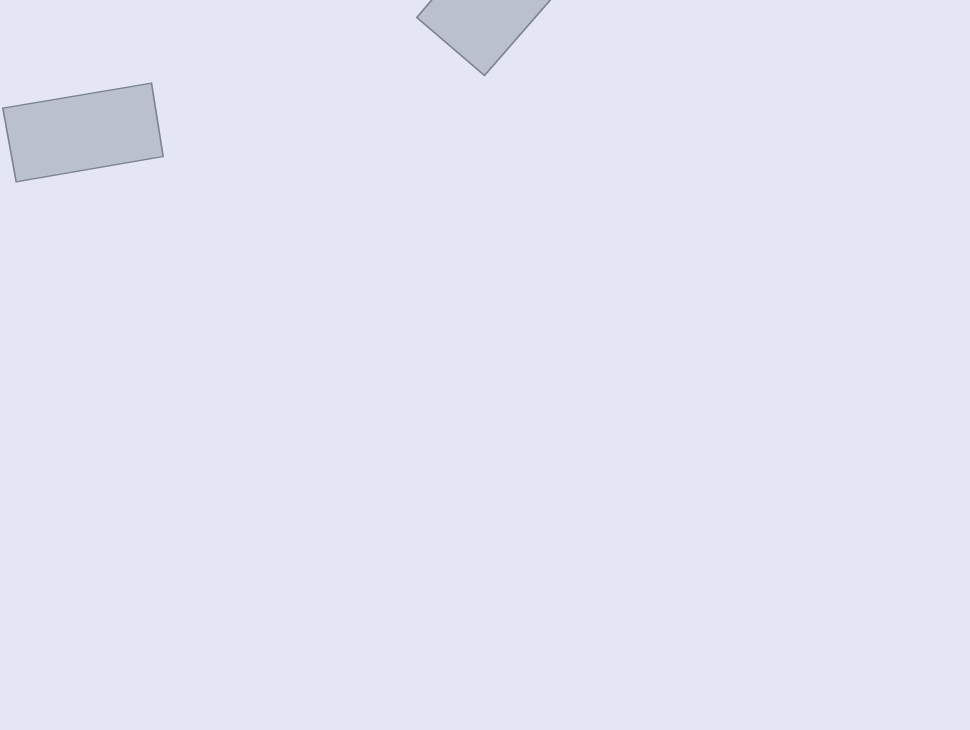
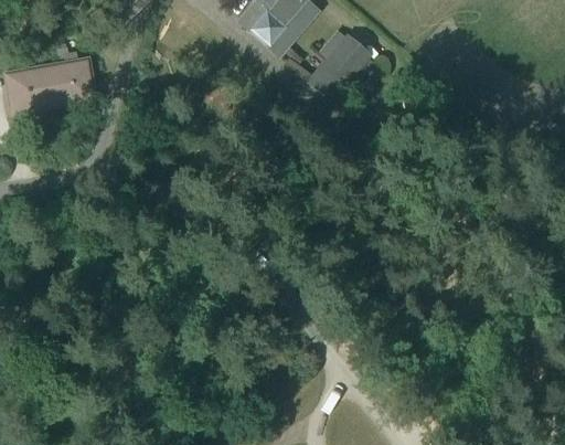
building: none -> [309,35,375,98]

